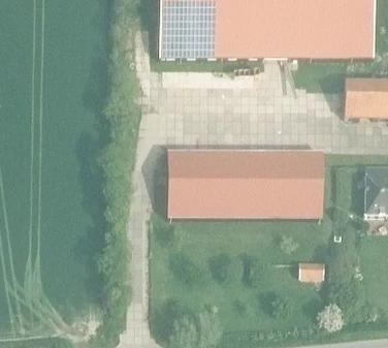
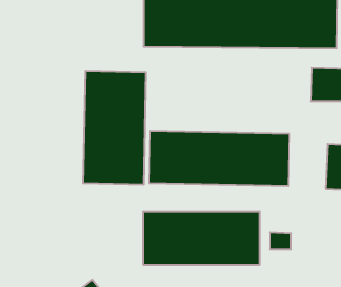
building: none -> [83,71,146,185]
building: none -> [143,211,260,265]

